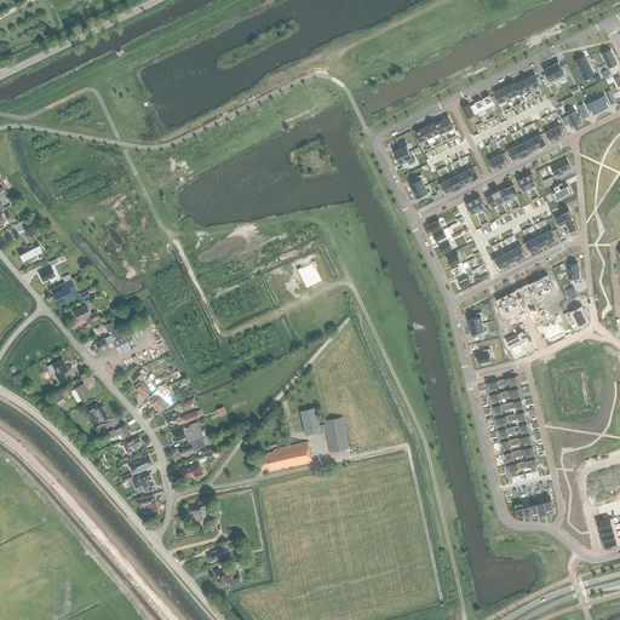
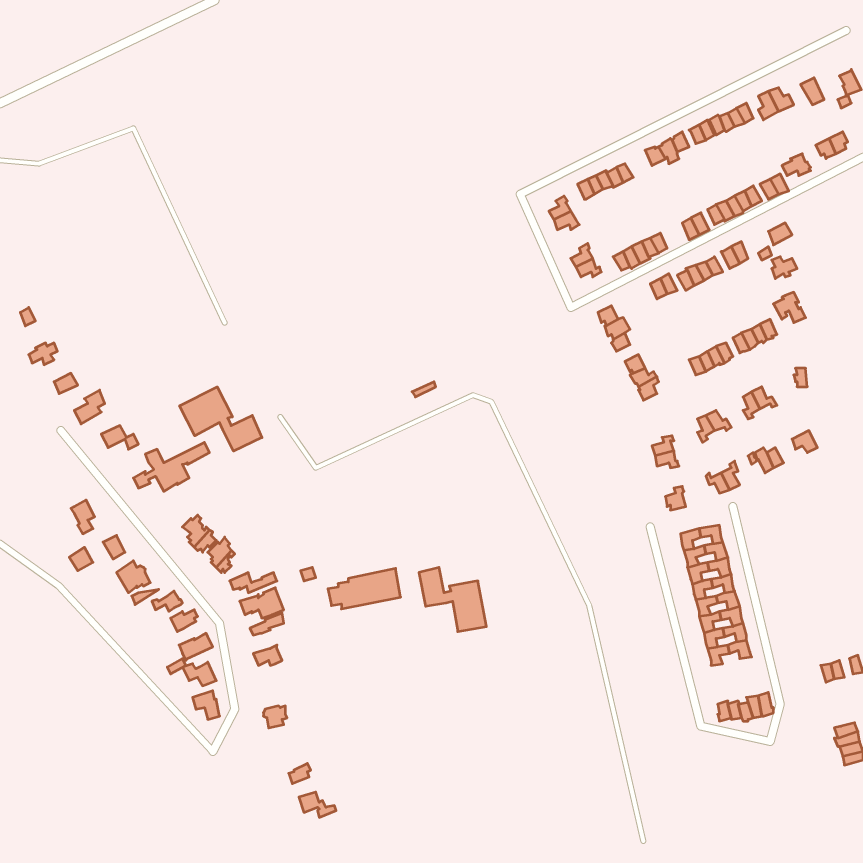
building: none -> [180,387,262,451]
building: [259,442,311,471] -> [328,568,401,609]

